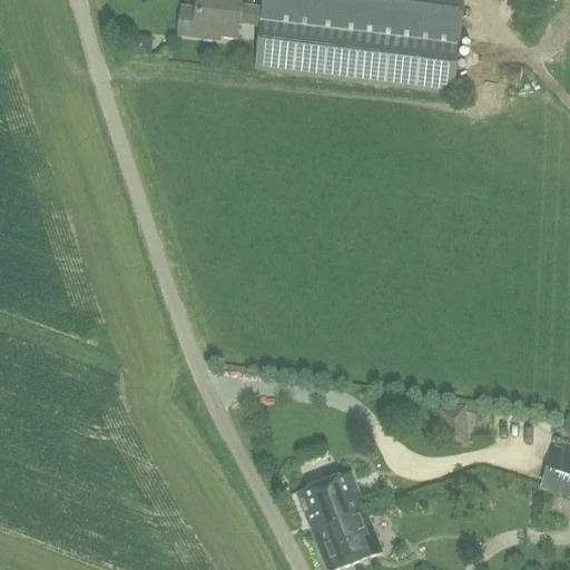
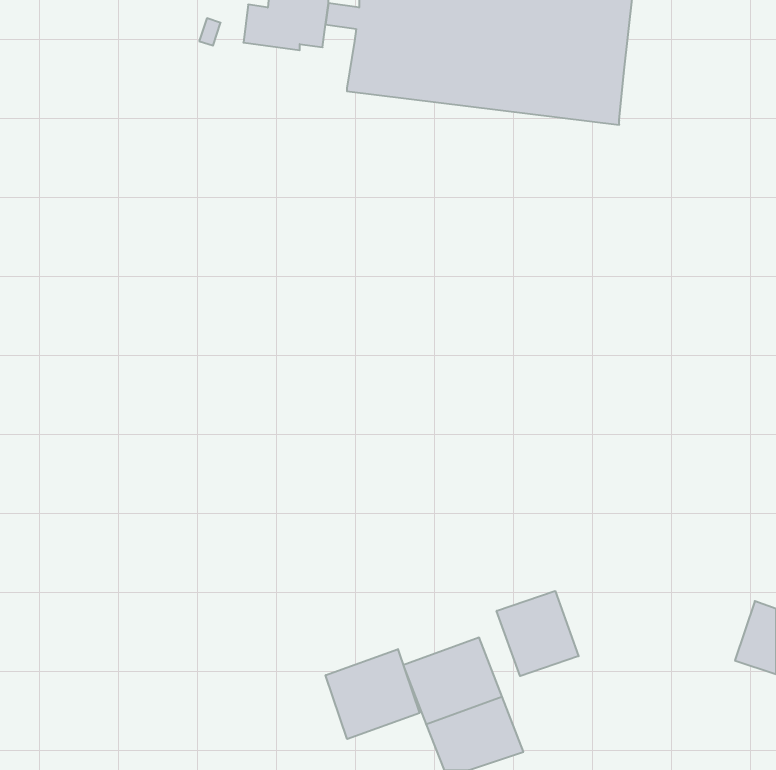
building: none -> [497,591,579,676]
building: none -> [326,649,419,739]

